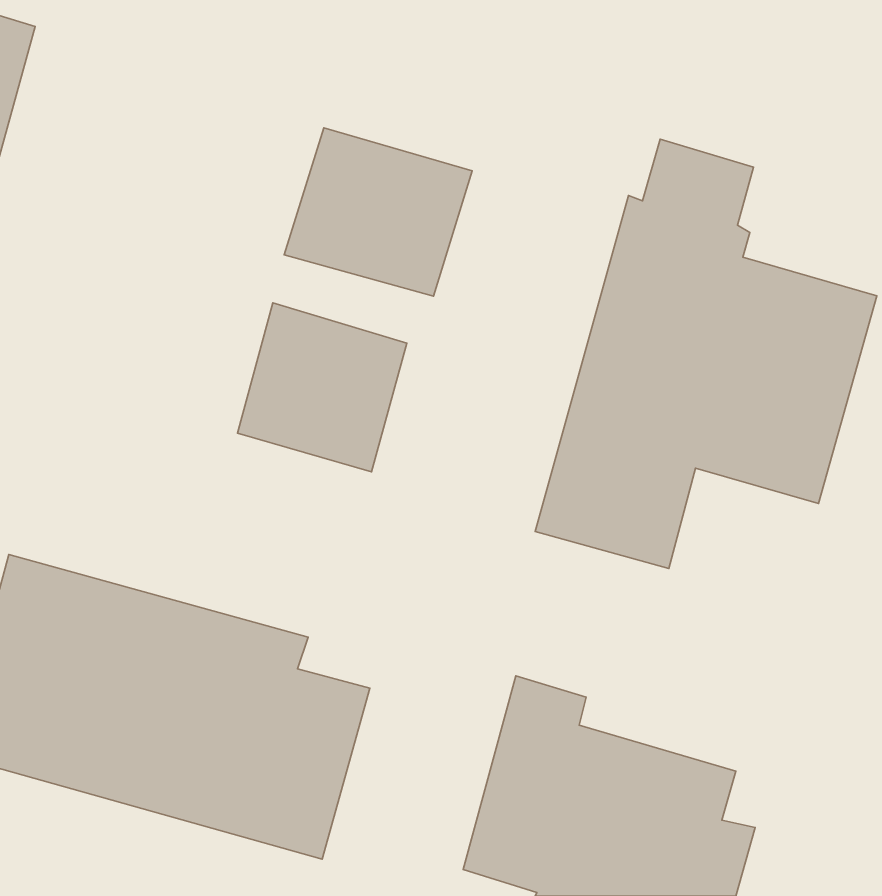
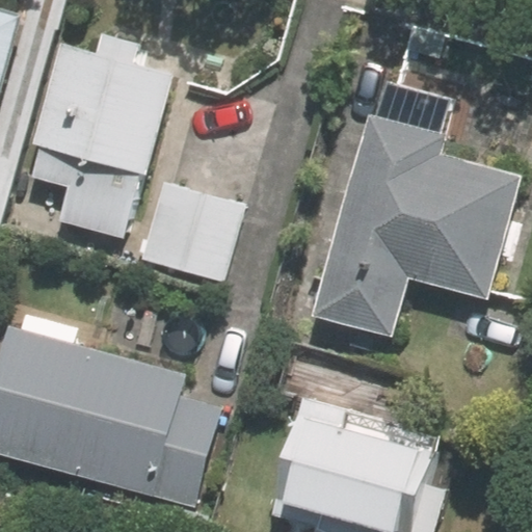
building: none -> [30,47,174,238]
building: [284,128,472,296] -> none

